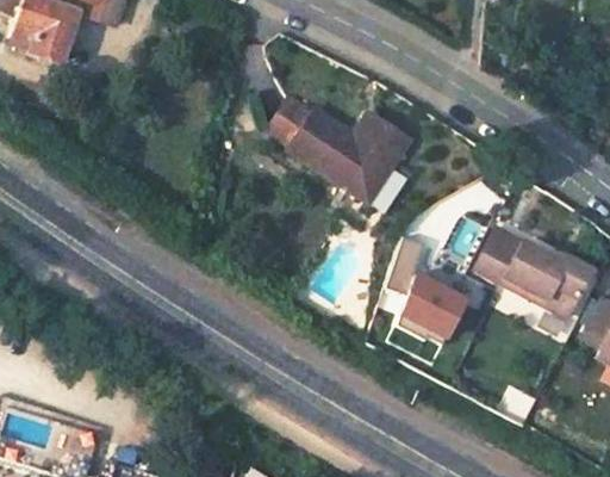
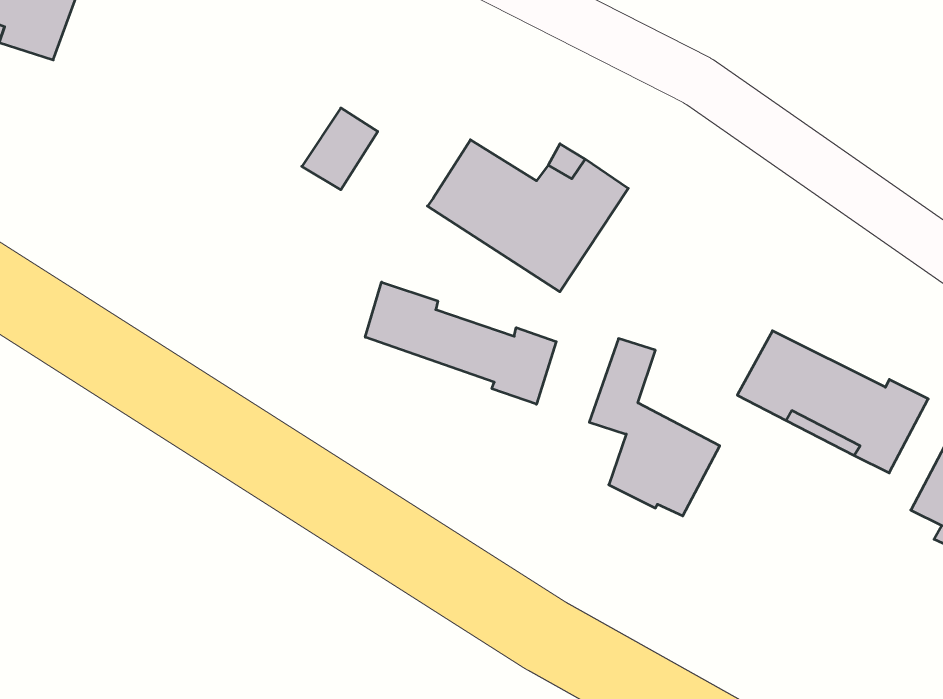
building: [267,97,313,147] -> [302,108,378,190]
building: none -> [365,282,556,404]

